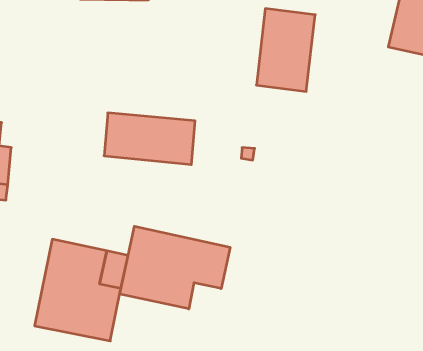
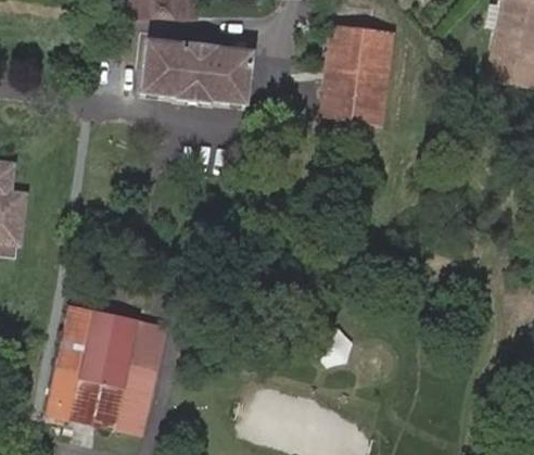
building: [104,113,195,165] -> [142,40,253,103]
building: [120,226,230,309] -> none

